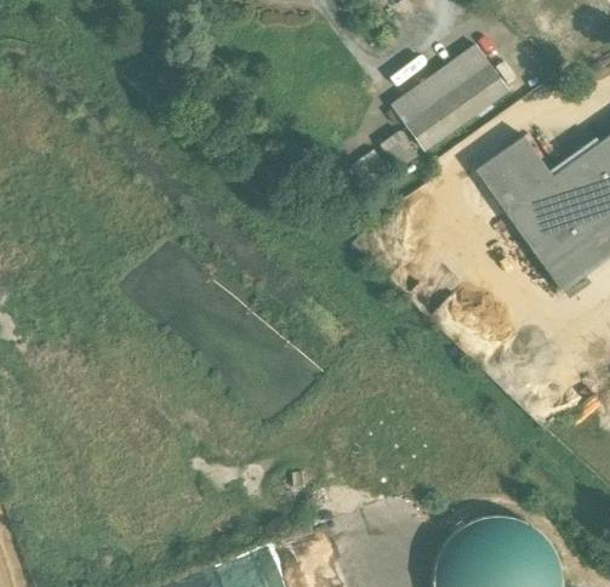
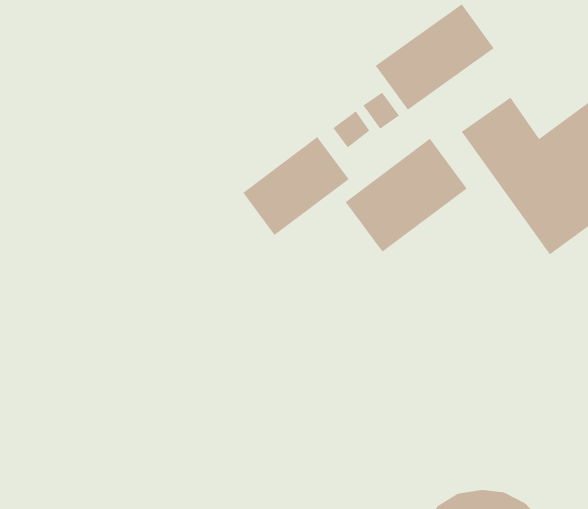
building: none -> [242,136,349,236]
building: none -> [345,138,467,252]

